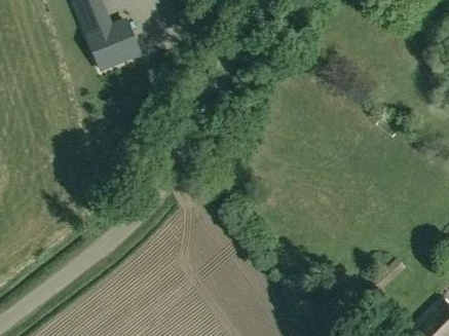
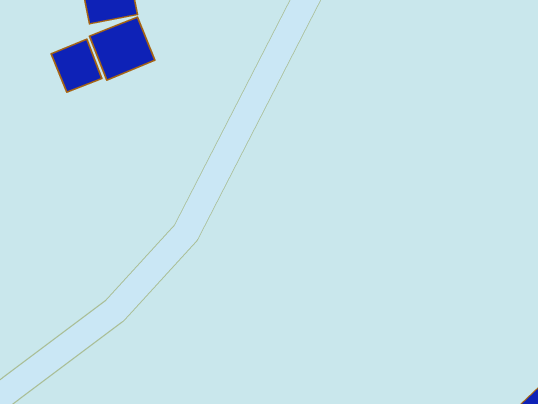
building: none -> [51,39,102,92]

